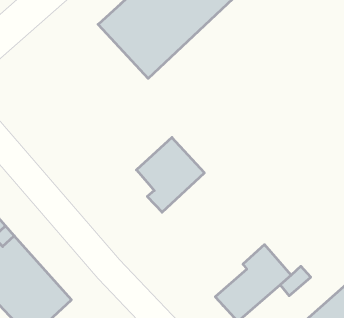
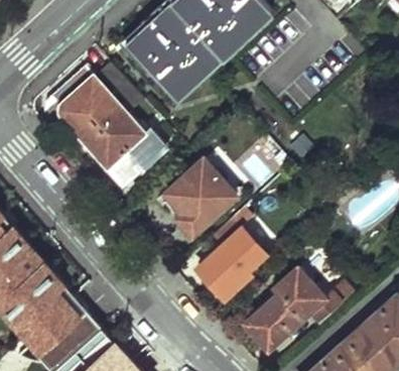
building: none -> [44,67,166,185]
building: none -> [198,221,266,294]

